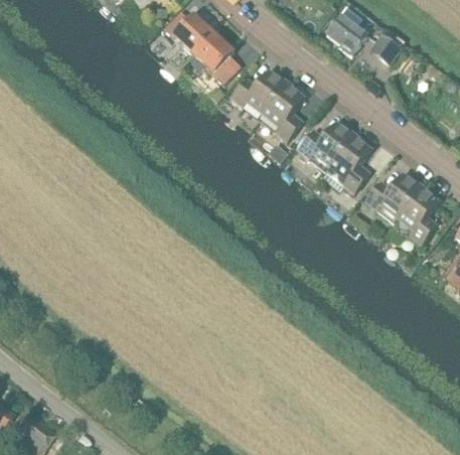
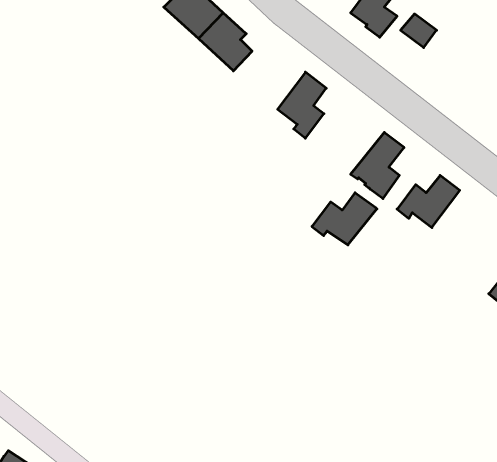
building: [232,70,287,116] -> none
building: [299,122,355,167] -> [312,193,377,245]
building: [397,186,439,244] -> none

